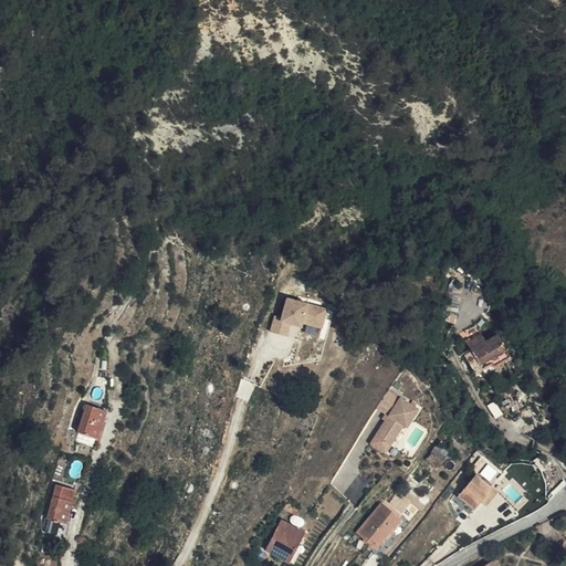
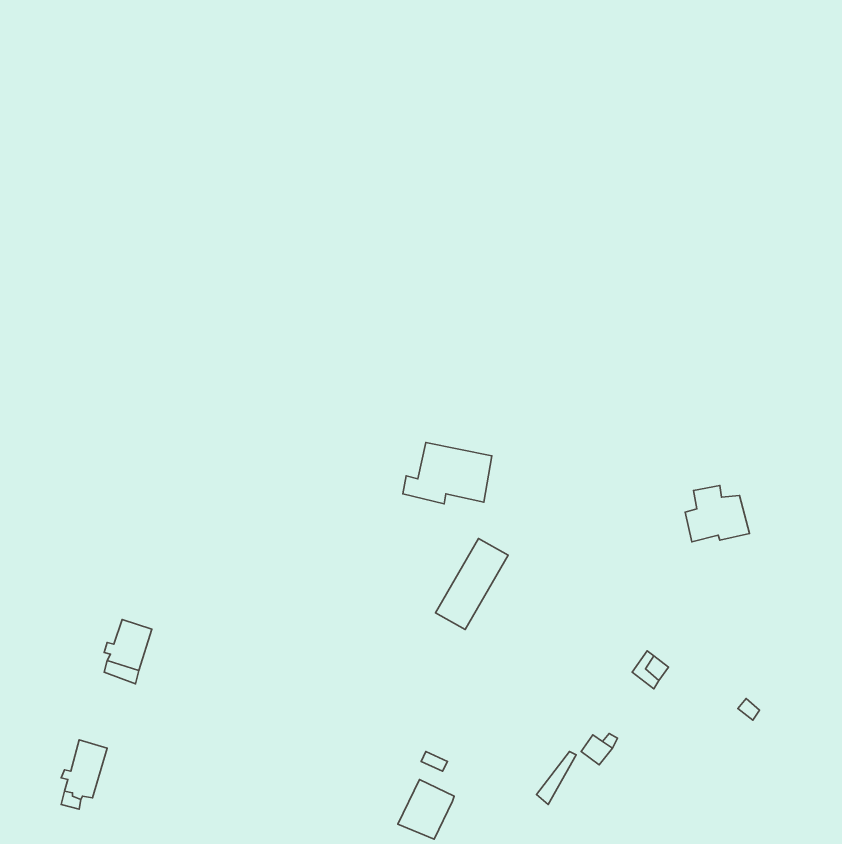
building: [369,394,418,454] -> [435,539,508,629]
building: [458,471,494,506] -> none
building: [367,505,399,546] -> none

